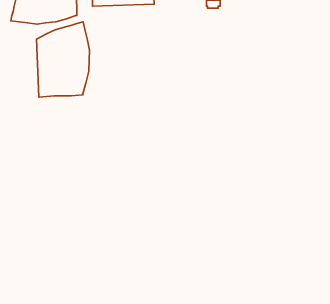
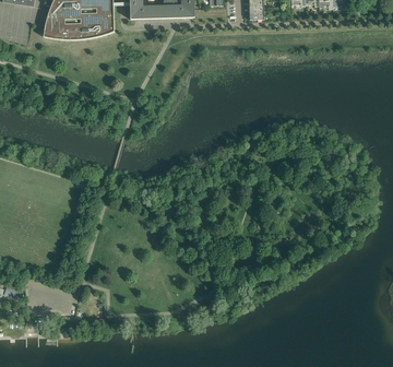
building: [37,22,90,97] -> none

